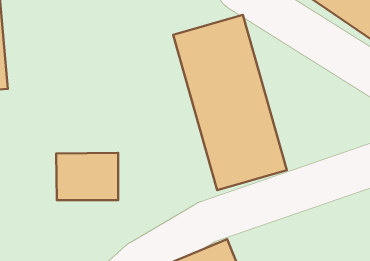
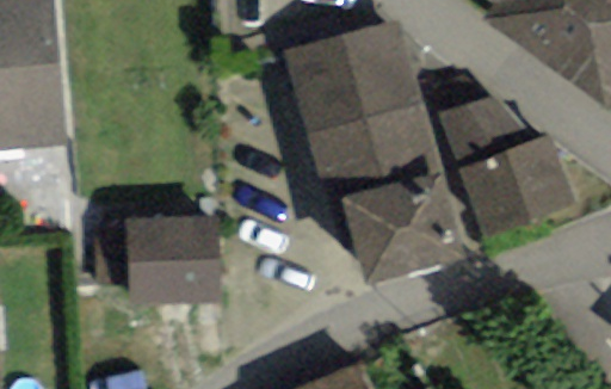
building: none -> [451,107,564,229]

